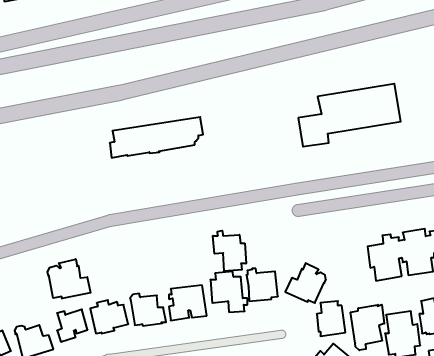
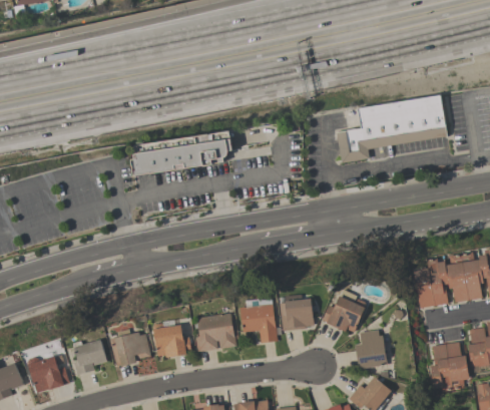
building: [213,231,246,271] -> none
building: [47,259,91,299] -> none
building: [351,305,384,350] -> none

